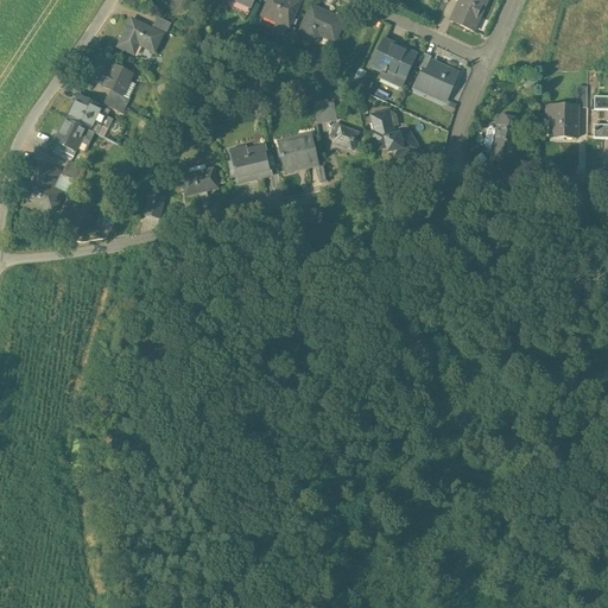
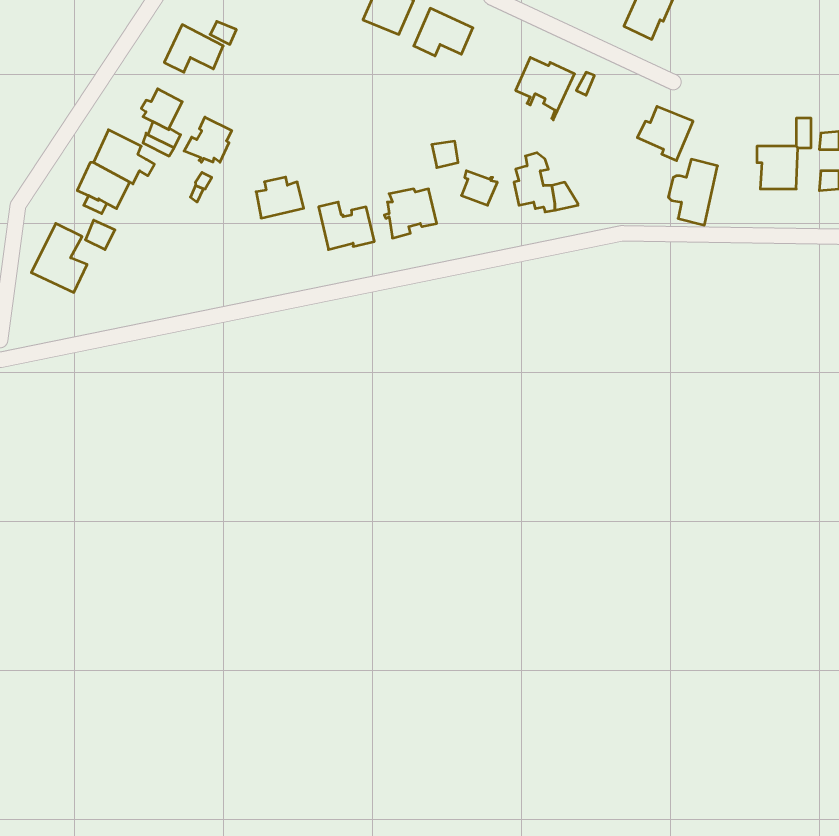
building: [417,61,457,100] -> [637,106,693,161]
building: none -> [184,117,232,162]
building: [183,164,217,194] -> [256,177,304,218]

